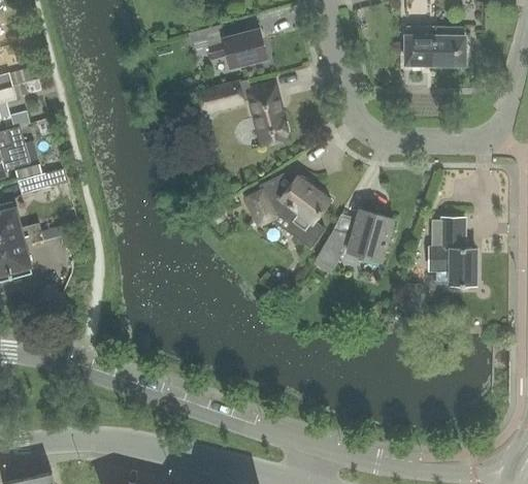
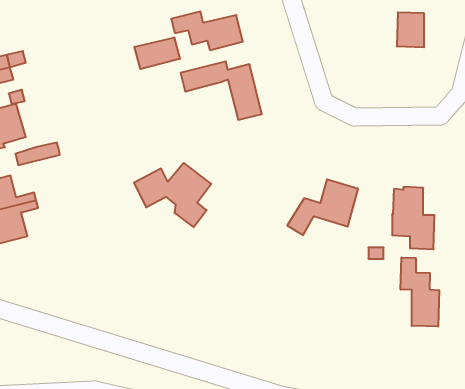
building: [405,27,436,64] -> none
building: none -> [135,37,180,69]
building: [244,178,329,248] -> [134,163,211,227]
building: none -> [401,257,439,327]

